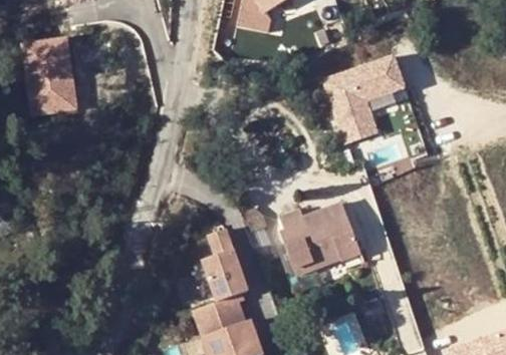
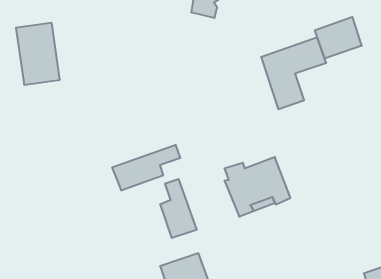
building: none -> [315,17,362,59]
building: none -> [112,145,180,191]
building: [192,297,243,338] -> none

